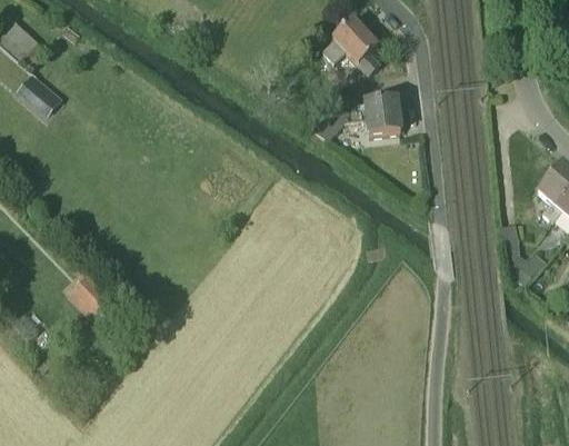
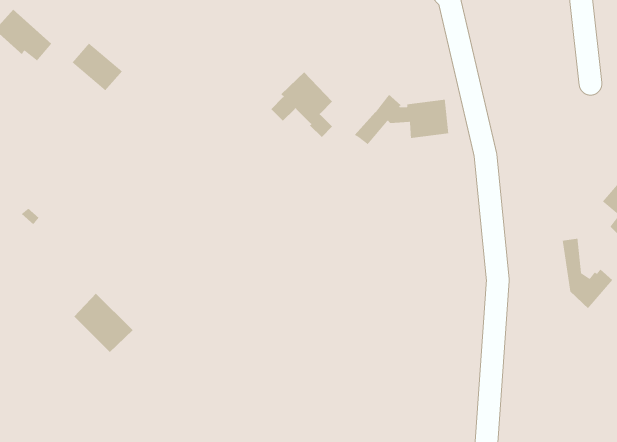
building: [322,18,378,77] -> [270,72,333,138]
building: [17,71,62,115] -> [71,42,123,91]

